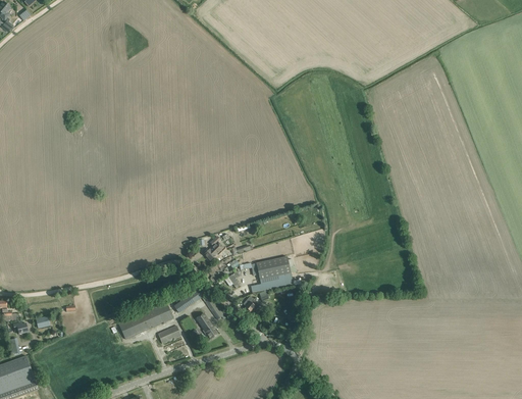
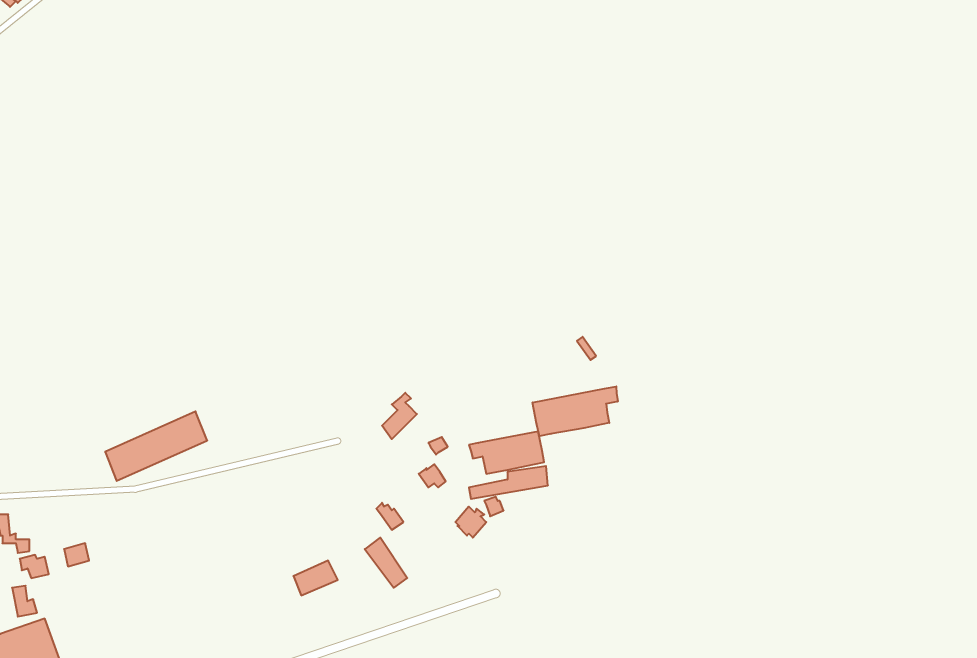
building: none -> [533,386,618,436]
building: [118,302,172,339] -> [105,411,207,481]

